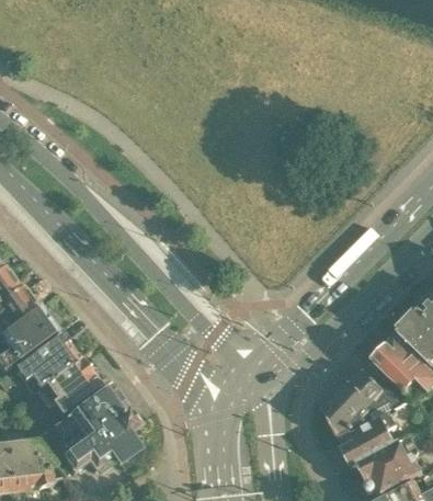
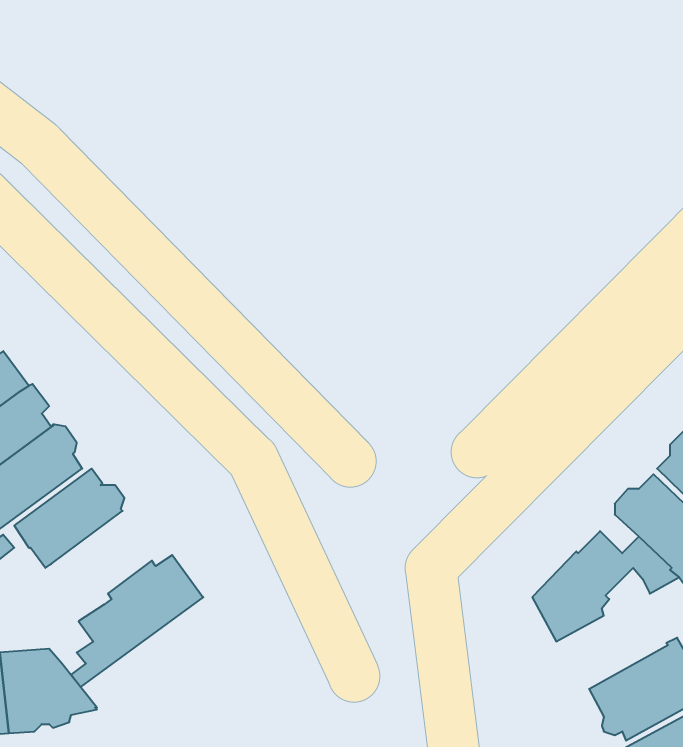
building: [34,357,98,413] -> none
building: [52,409,139,475] -> none
building: [341,411,402,464] -> none

